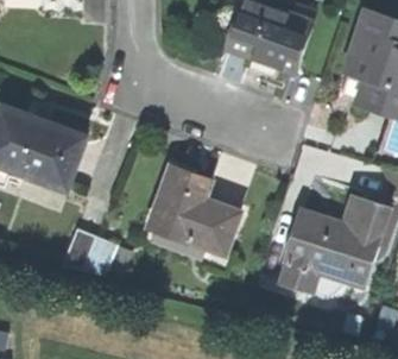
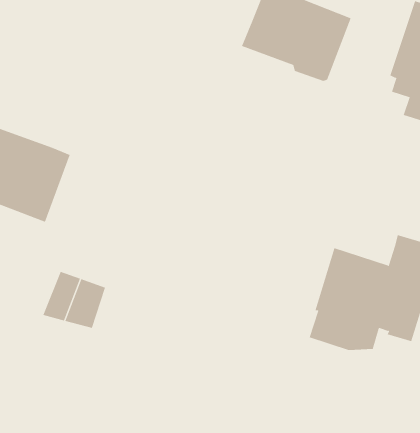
building: [149,164,242,270] -> none

